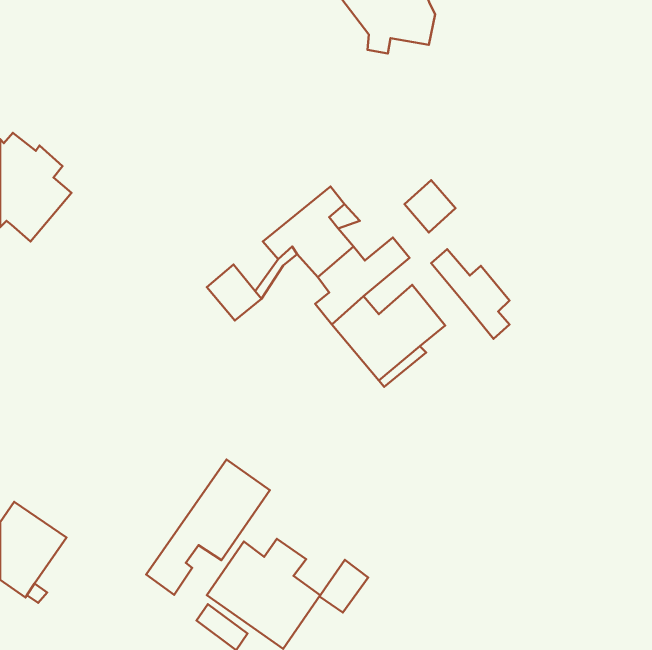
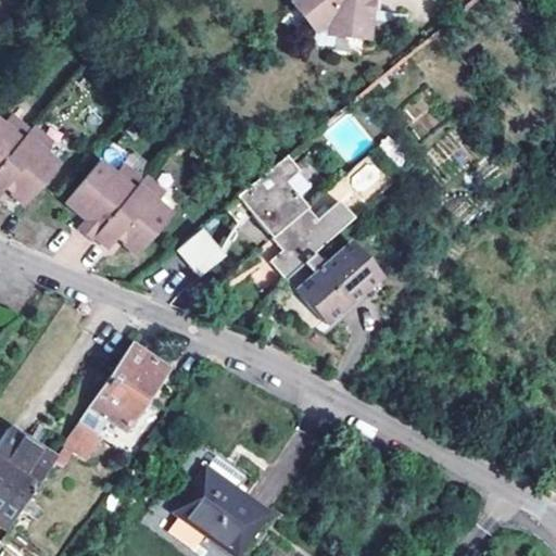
building: none -> [65,159,174,255]
building: [431,249,509,339] -> none
building: [146,459,270,595] -> [66,344,172,459]
building: [319,560,368,613] -> none

